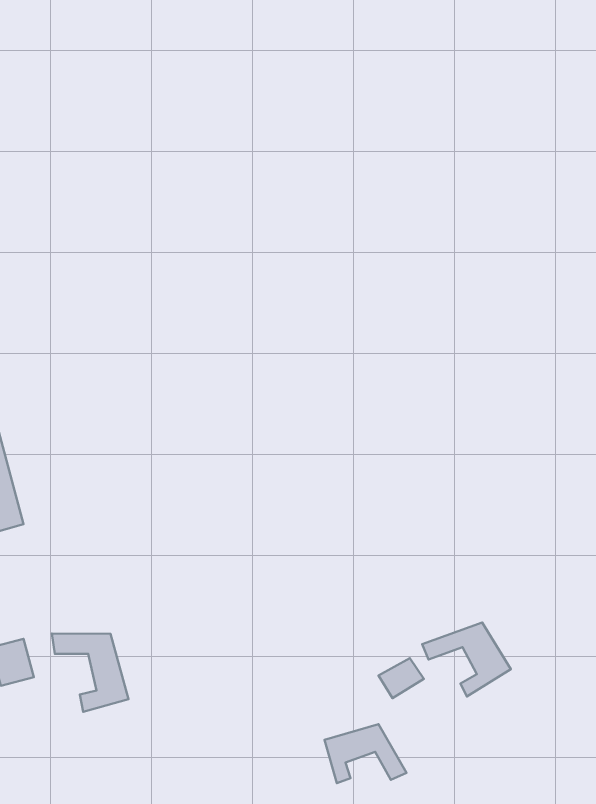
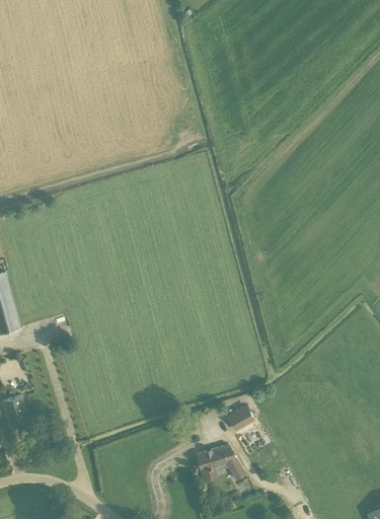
building: [422,622,511,696] -> none
building: [52,633,128,712] -> none

